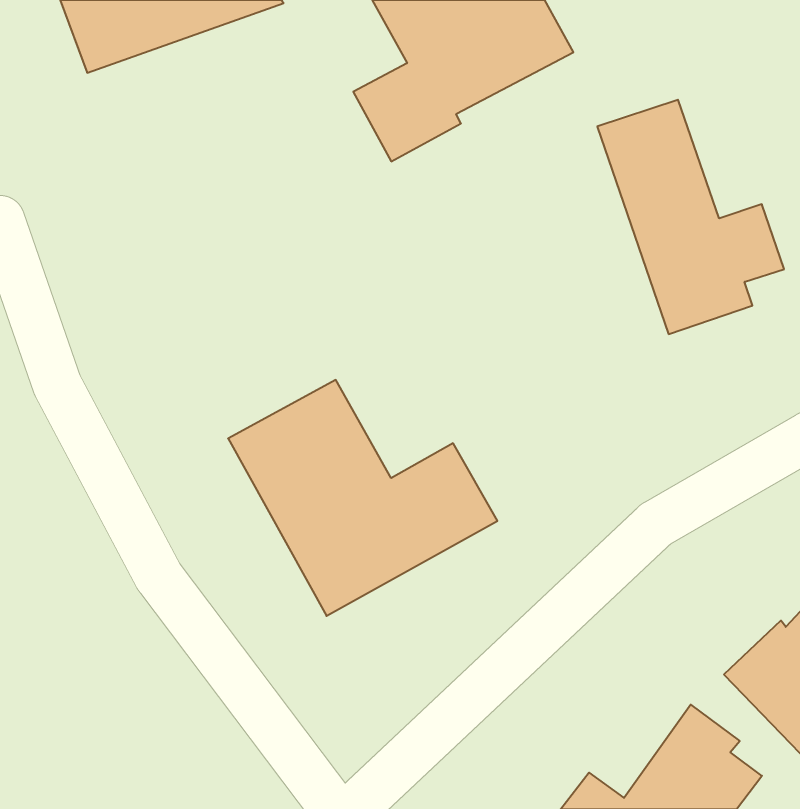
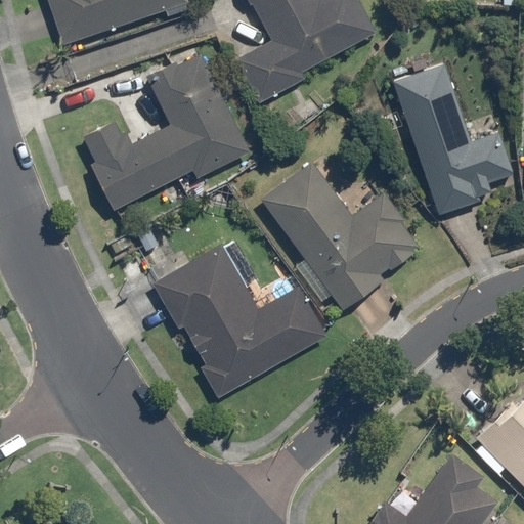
building: none -> [76,51,250,211]
building: none -> [261,162,426,311]

